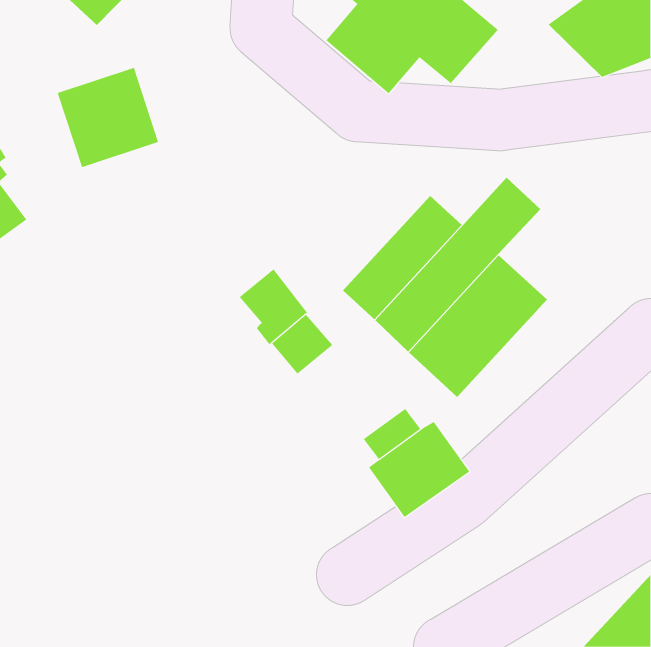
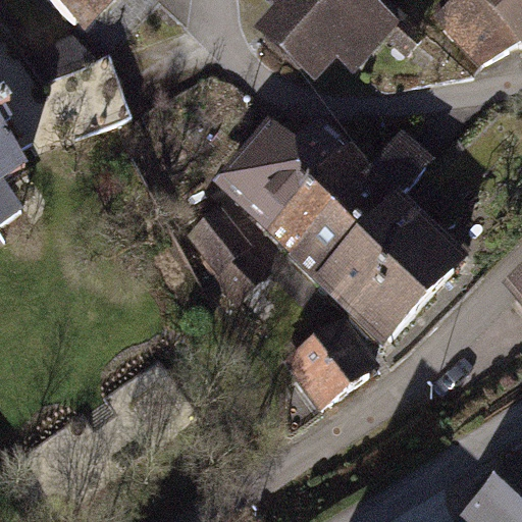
building: none -> [217,127,340,229]
building: none -> [353,237,470,349]

